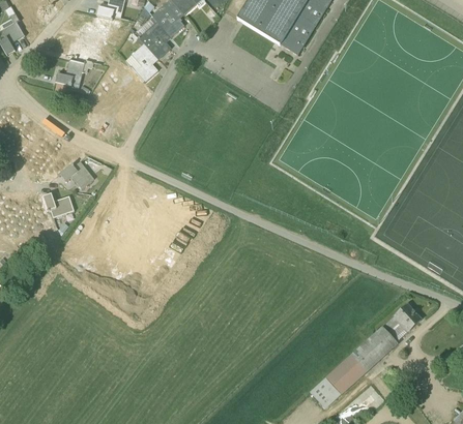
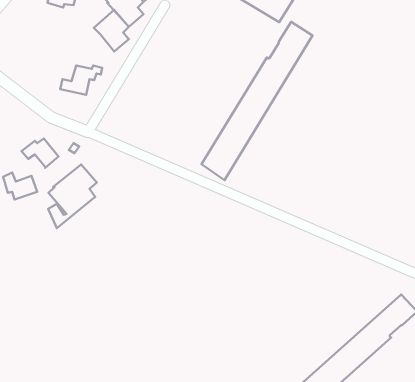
building: none -> [201,22,313,180]
building: [55,60,93,87] -> [60,65,102,95]
building: none -> [48,164,97,228]

